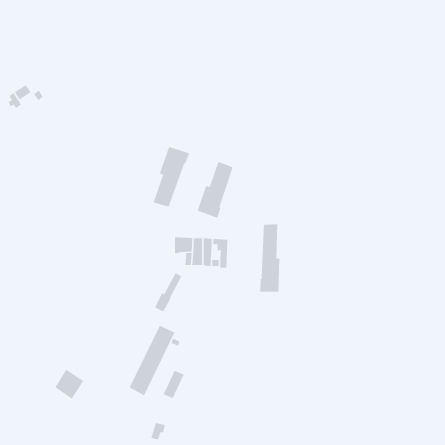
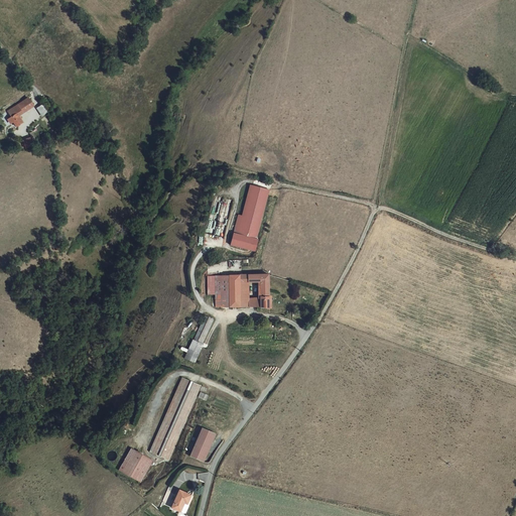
building: [153,146,190,208] -> none
building: [260,224,280,293] -> none
building: [55,369,84,399] -> [118,443,152,479]

